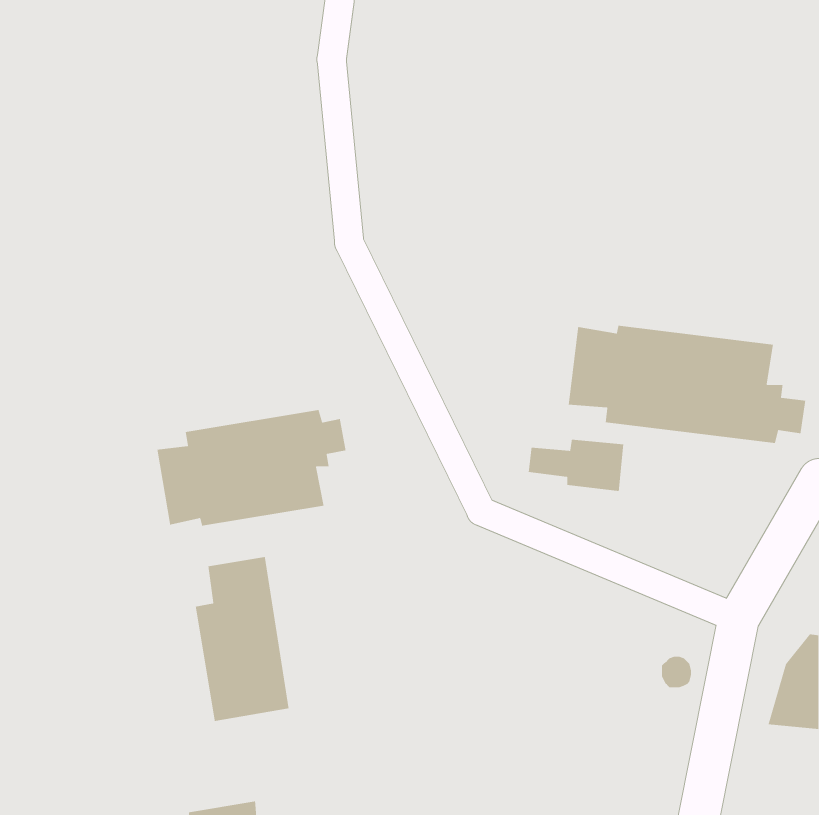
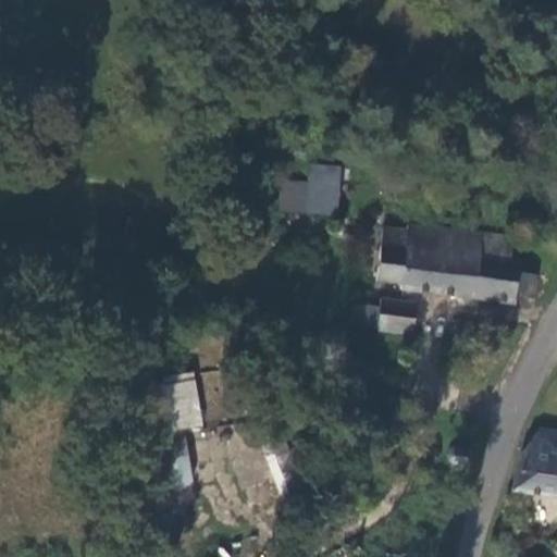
building: none -> [275,168,339,220]
building: [157,409,346,527] -> none

